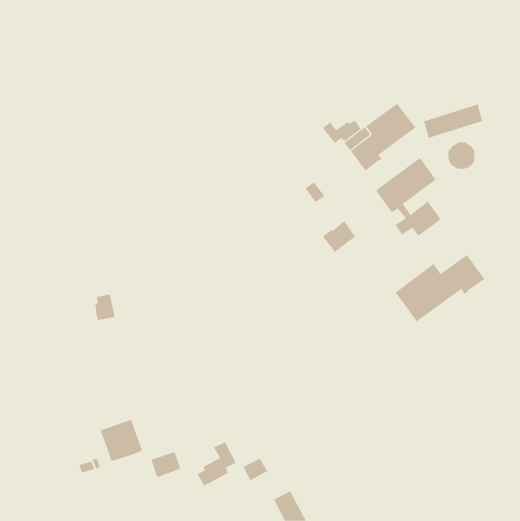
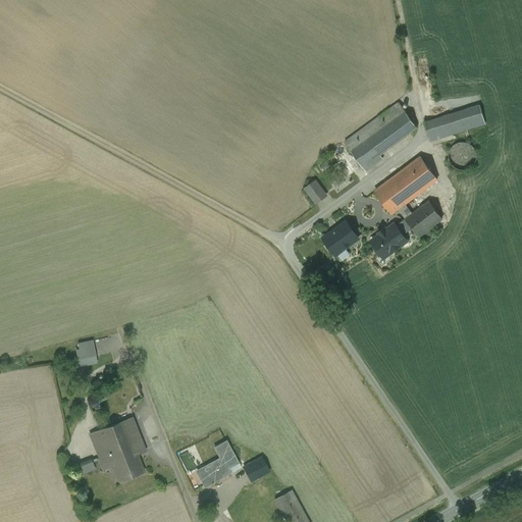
building: [322,119,361,144] -> none
building: none -> [370,224,406,258]
building: [395,254,485,322] -> none
building: [94,294,116,320] -> [74,340,96,366]
building: [151,451,181,478] -> [111,454,142,480]

